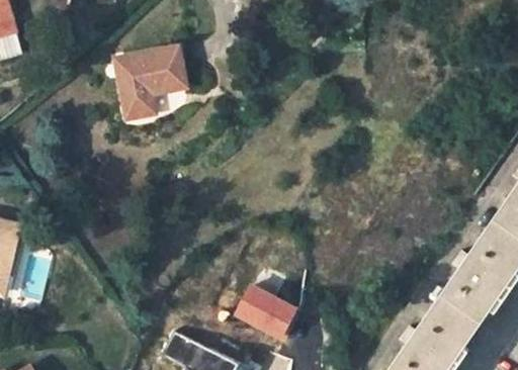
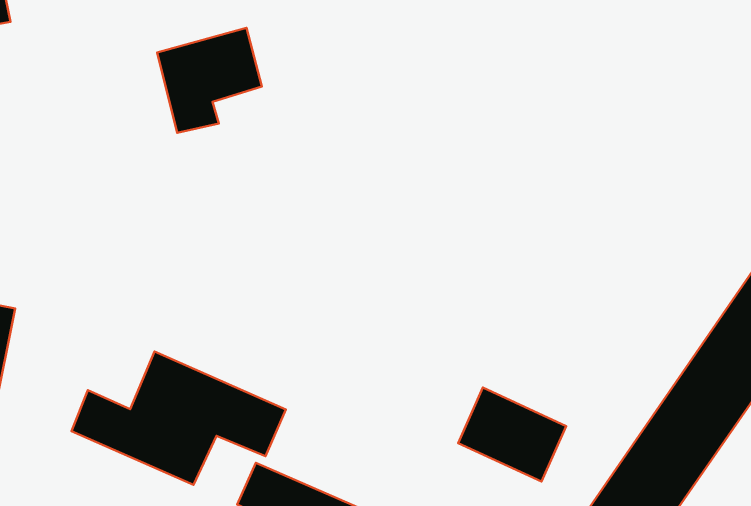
building: none -> [71,351,286,485]
building: [239,279,310,341] -> [458,388,566,482]

